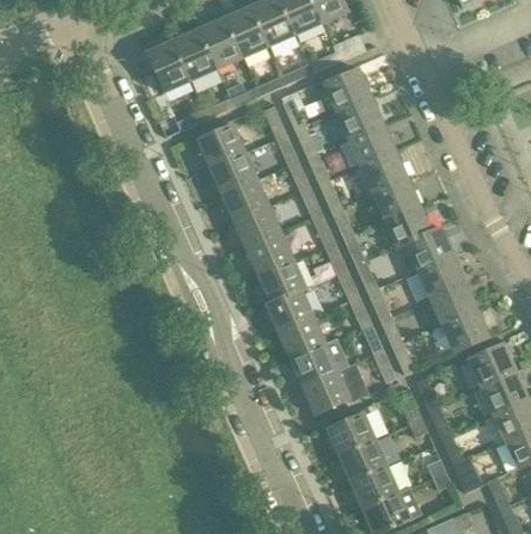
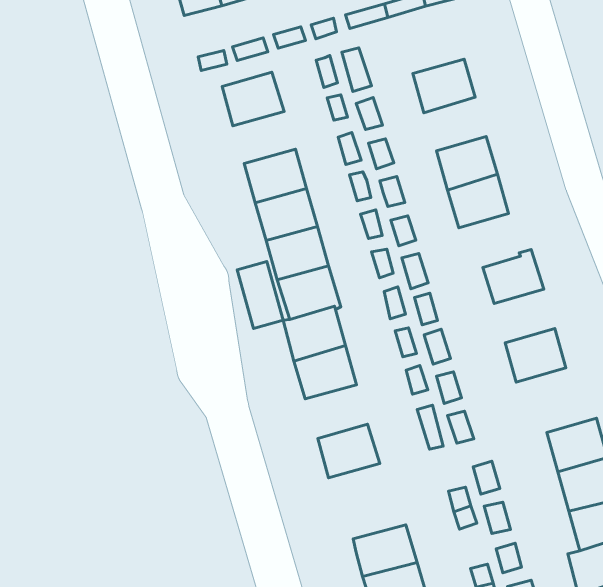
building: [323,68,371,111] -> none
building: [347,122,395,165] -> none
building: [209,152,257,194] -> none
building: [384,203,432,248] -> none
building: [417,254,464,297] -> none
building: none -> [237,262,283,328]
building: [441,309,489,352] -> none
building: [289,338,349,386] -> none
building: [325,411,376,455] -> none

